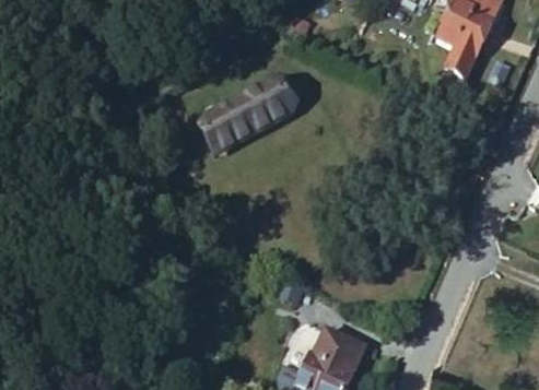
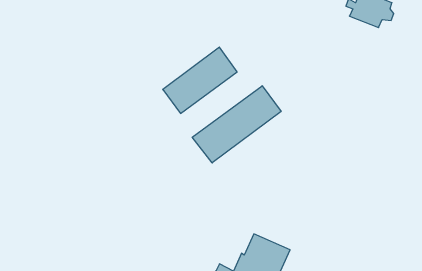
building: none -> [192,86,281,163]

